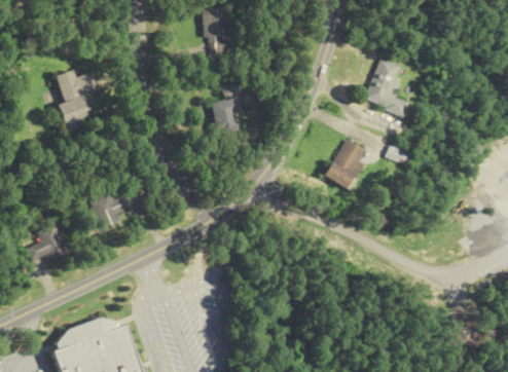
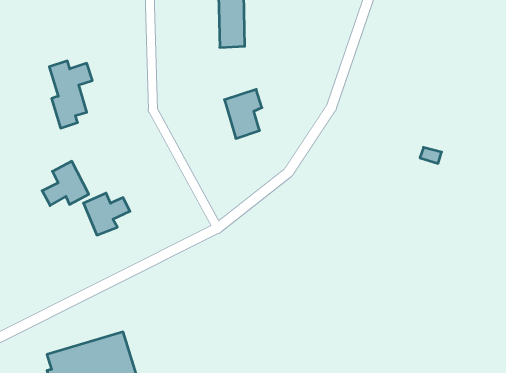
building: [369,60,410,114] -> none
building: [328,139,369,191] -> none
building: [24,221,66,261] -> [42,161,89,206]

